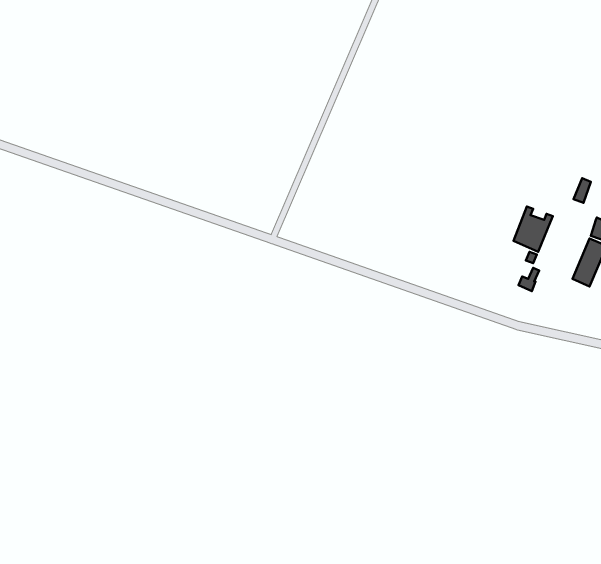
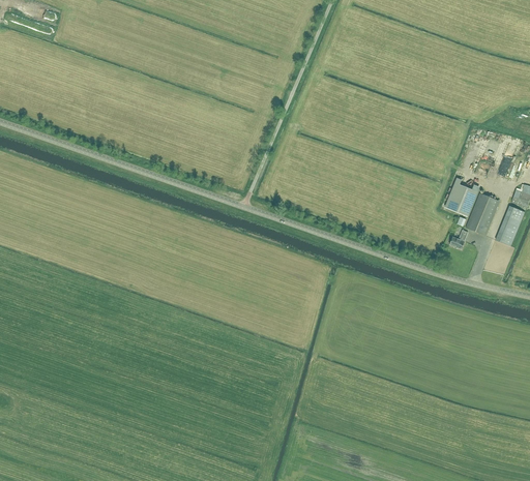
building: none -> [465,192,498,236]

